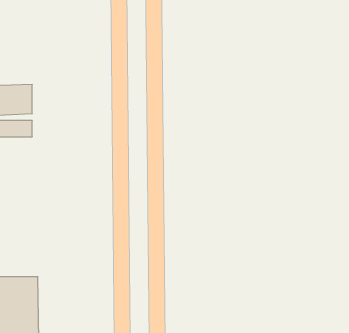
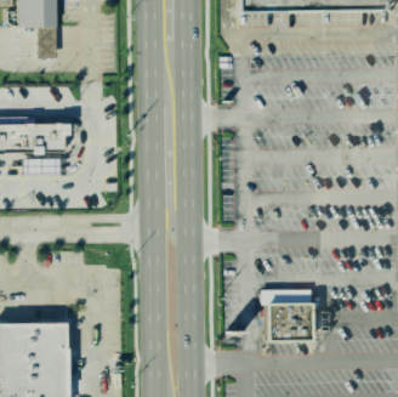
building: none -> [269,301,314,339]

